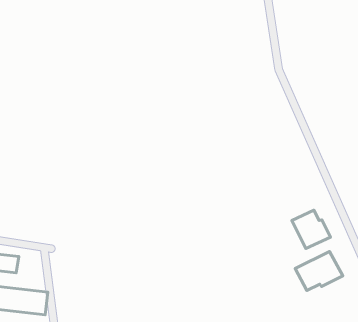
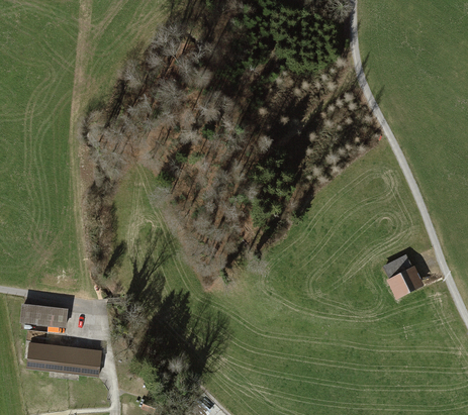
building: [295,251,343,291] -> none

